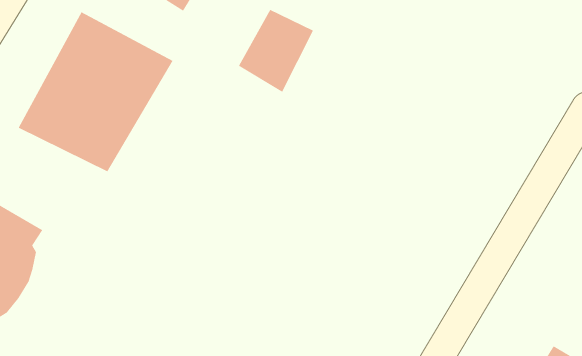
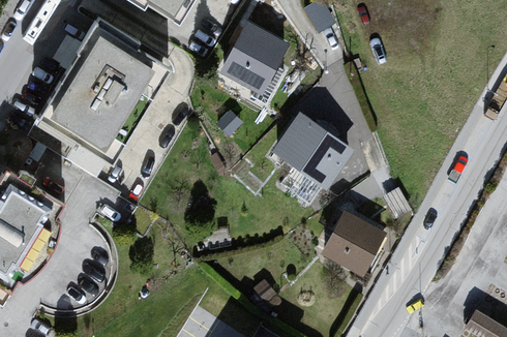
building: none -> [270,113,351,188]
building: none -> [321,203,384,266]

